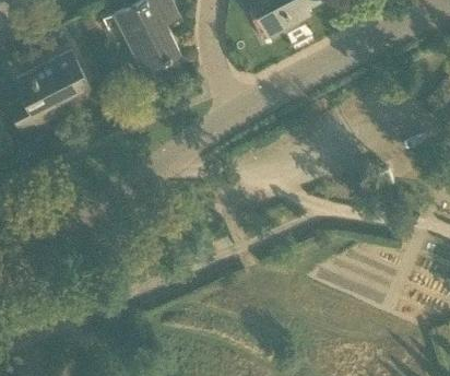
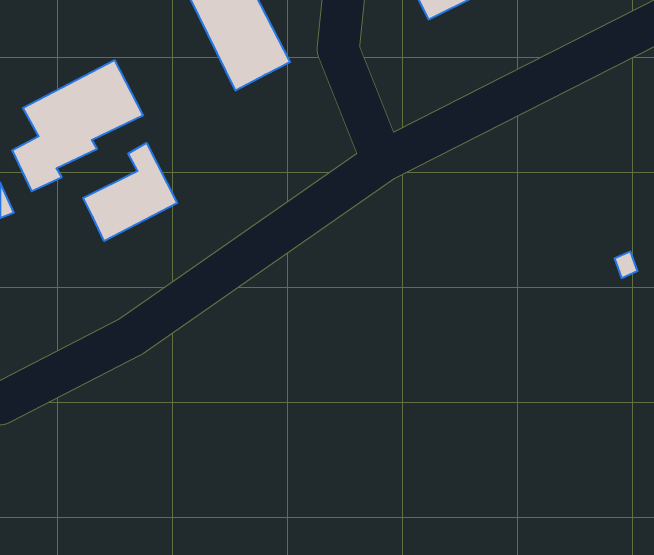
building: none -> [83,143,177,241]

